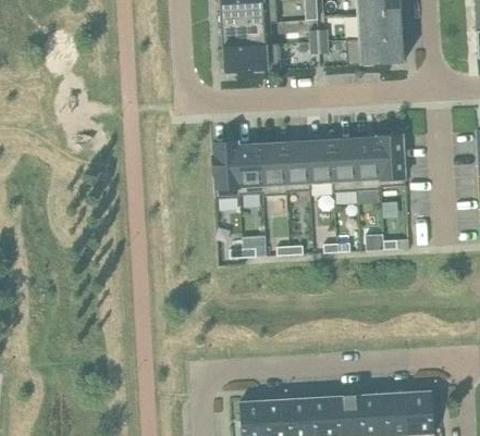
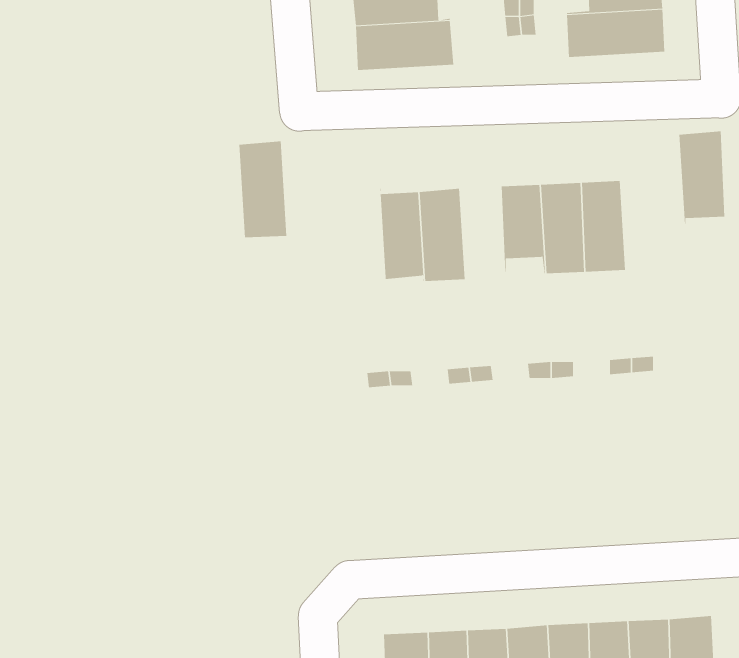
building: [378,135,405,189] -> [679,131,725,224]
building: [284,140,310,195] -> none
building: [212,141,241,198] -> [239,141,287,238]

